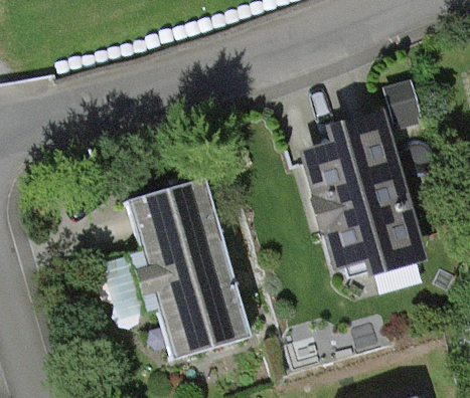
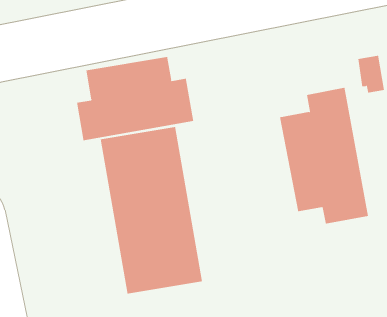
building: none -> [77,56,194,141]

